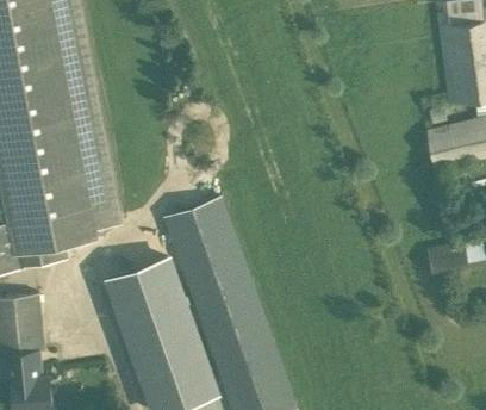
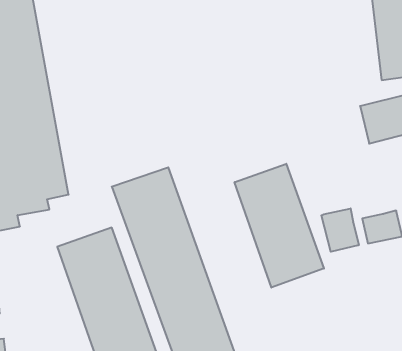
building: none -> [235,164,324,288]
building: none -> [321,208,359,252]

